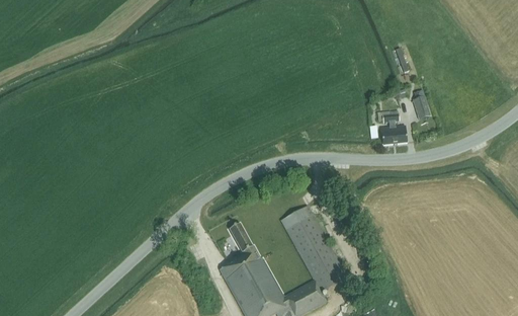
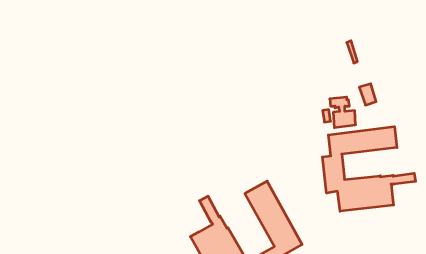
building: none -> [322,127,416,211]

